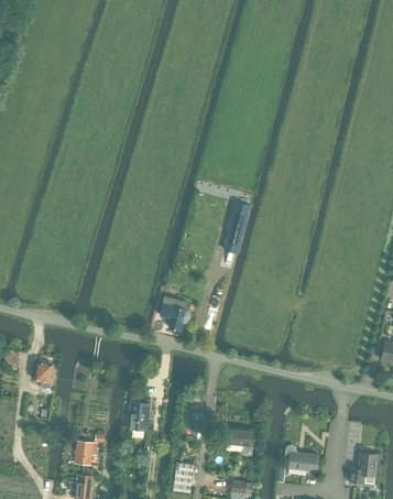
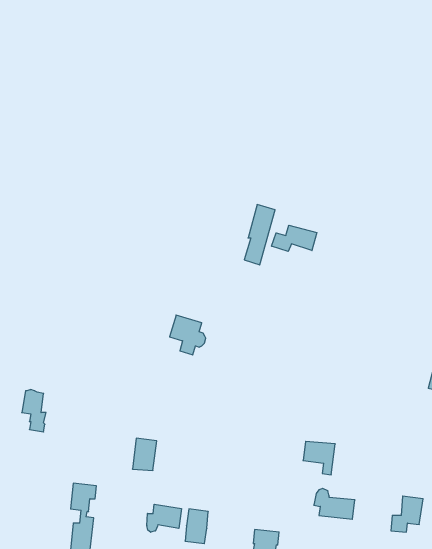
building: none -> [272,225,317,251]
building: [226,427,253,456] -> [303,441,335,475]
building: none -> [147,504,181,532]

